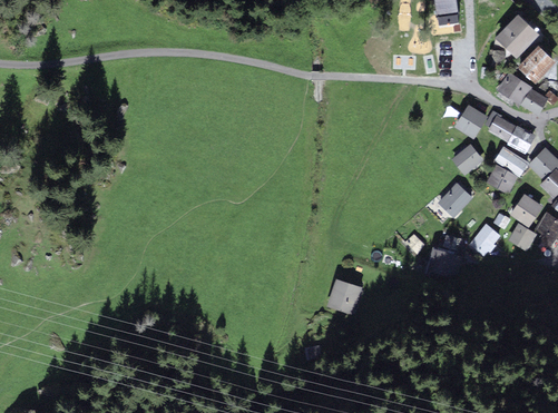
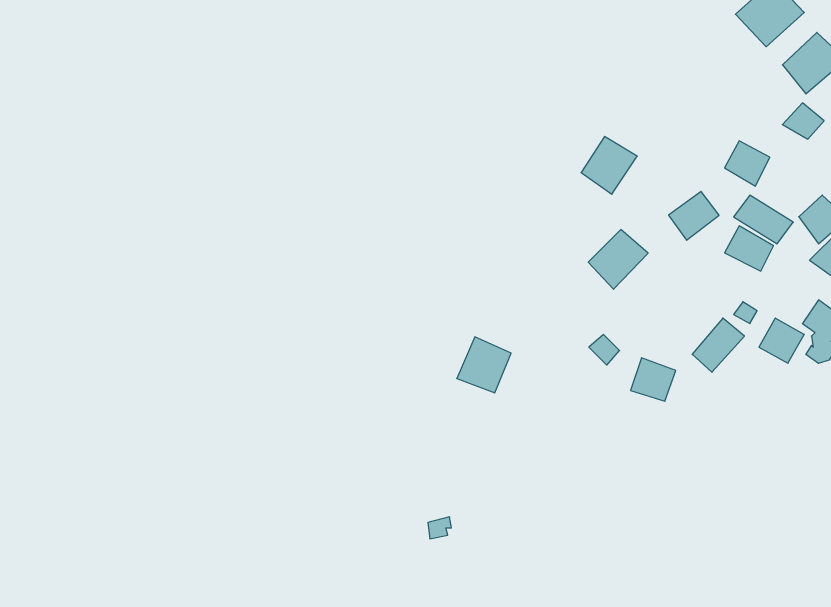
building: [499,75,533,104] -> none
building: [454,105,489,140] -> [581,136,637,194]
building: [507,126,536,154] -> none
building: [437,183,473,219] -> [588,230,648,289]
building: [510,193,546,228] -> none
building: [326,281,360,315] -> [457,337,511,393]

